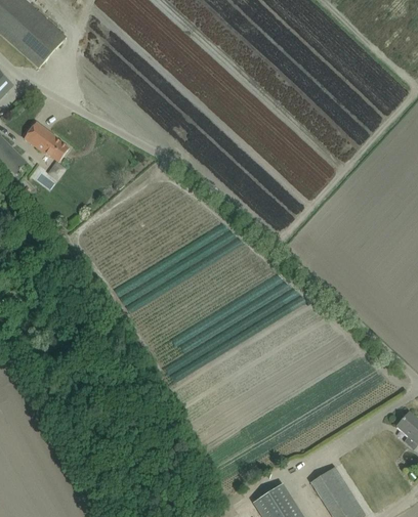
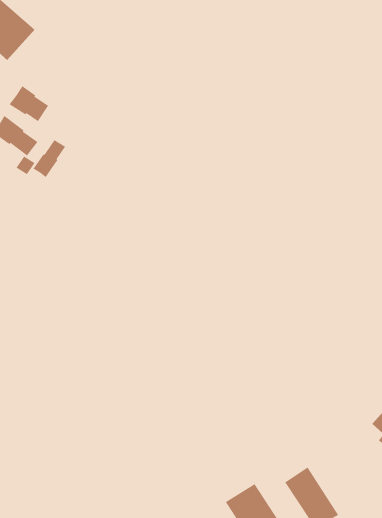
building: none -> [9,85,49,122]
building: none -> [32,139,66,178]

